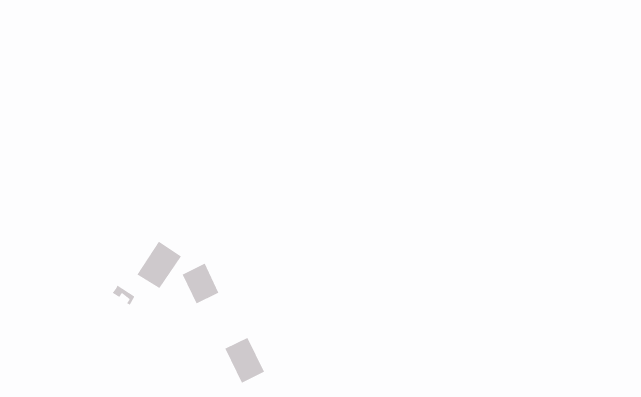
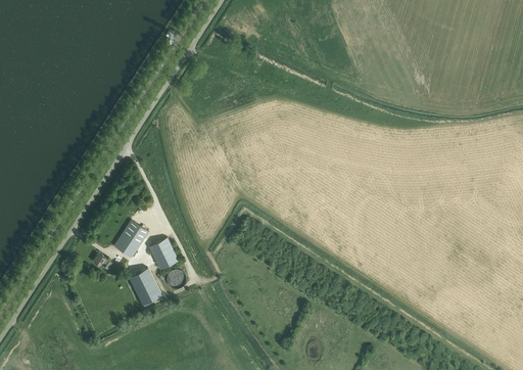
building: [225,337,265,384] -> [130,271,161,308]

